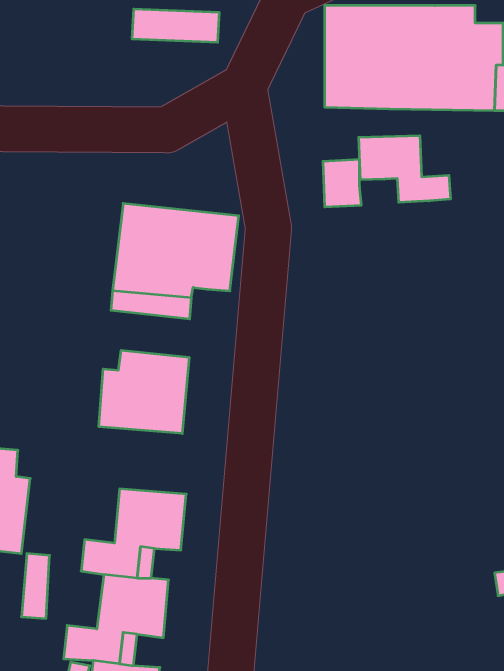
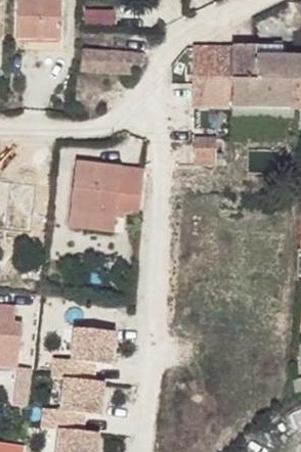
building: [359,136,450,202] -> none
building: [99,350,189,434] -> none

